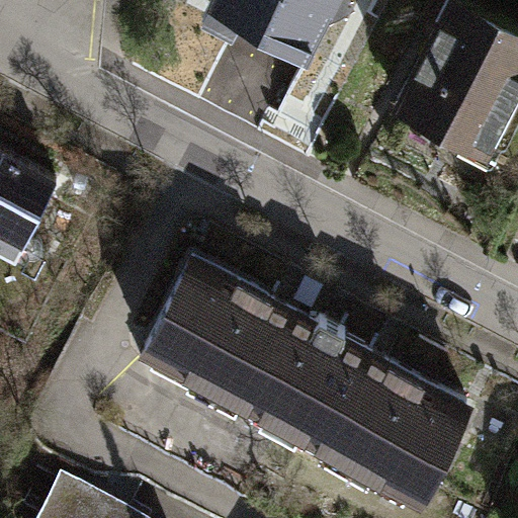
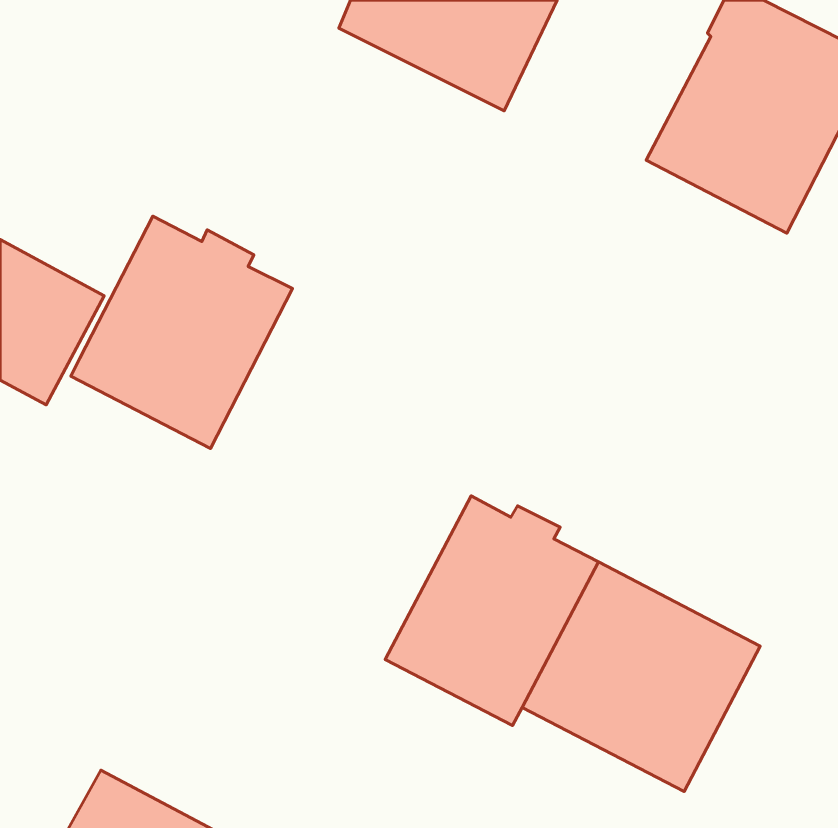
building: none -> [71,216,293,449]
building: [144,264,292,414] -> none

